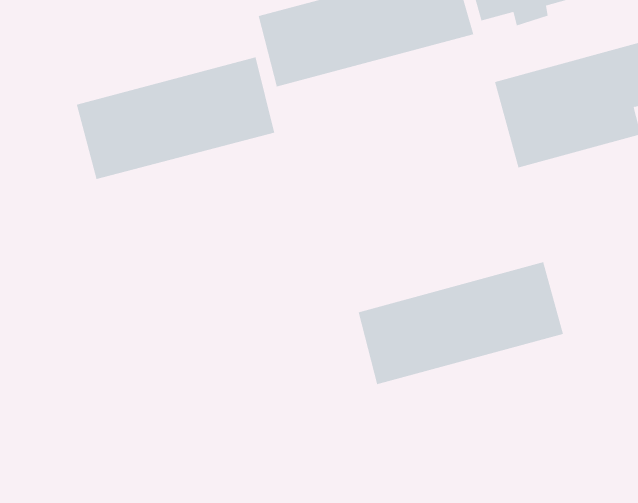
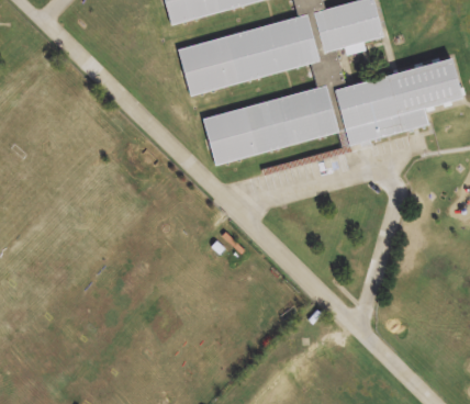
building: [76,57,275,180] -> none
building: [358,261,564,385] -> [203,85,337,165]

